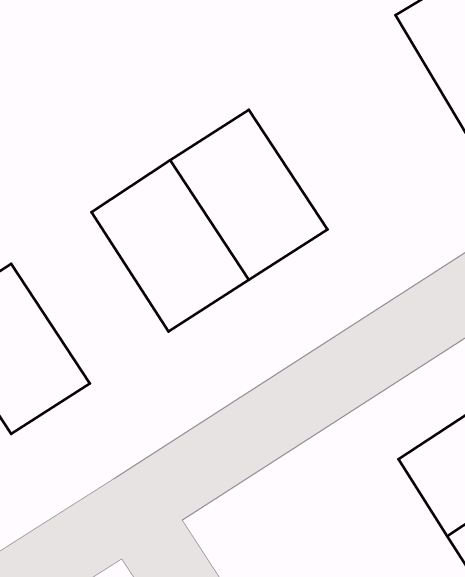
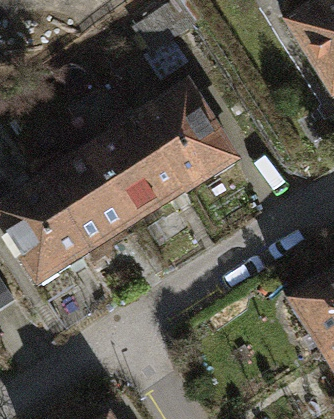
building: none -> [40,144,140,253]

